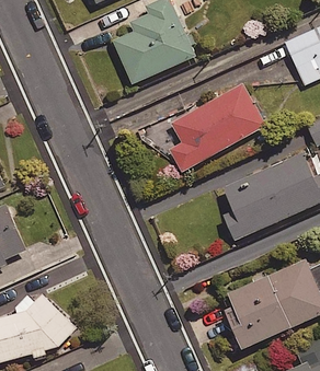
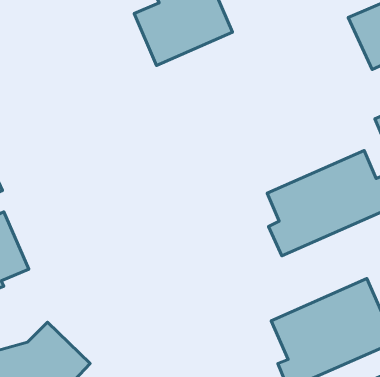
building: [168,83,264,172] -> none

